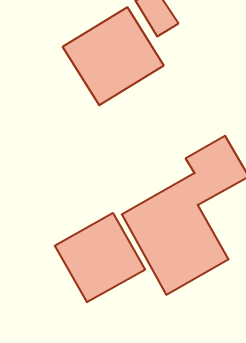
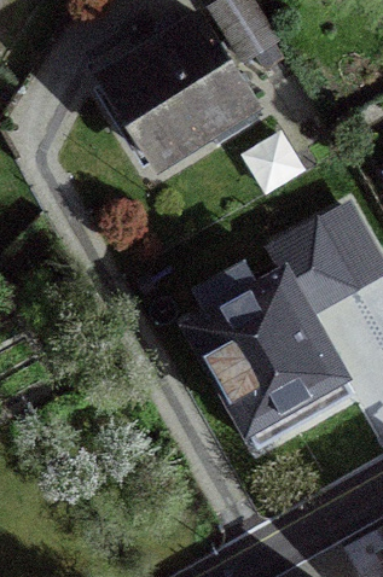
building: [55,213,145,302] -> none

